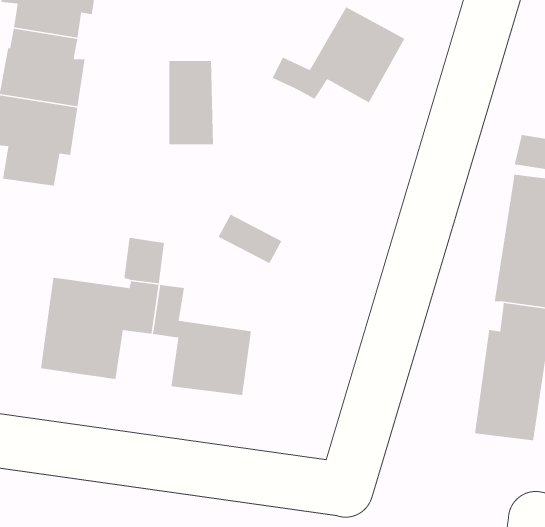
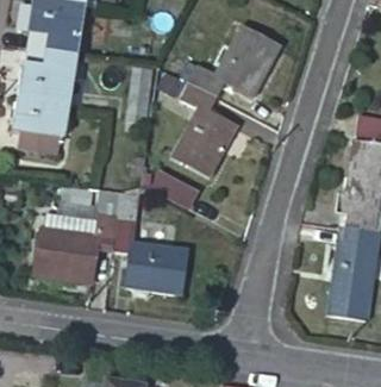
building: none -> [176,80,241,171]

